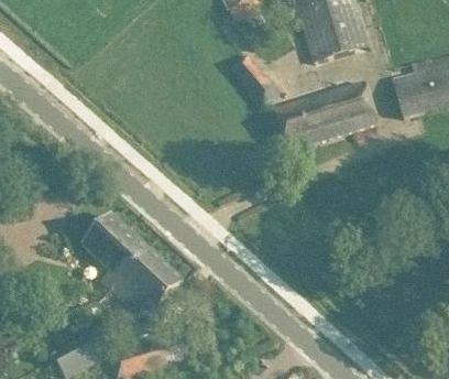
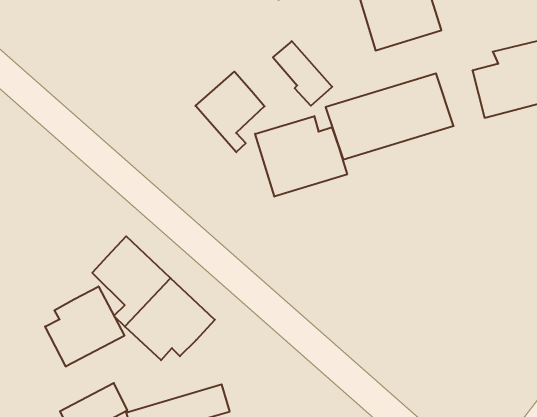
building: none -> [195,72,265,152]
building: none -> [255,116,347,197]
building: none -> [45,286,124,367]

